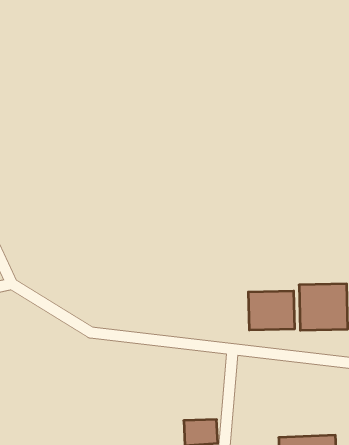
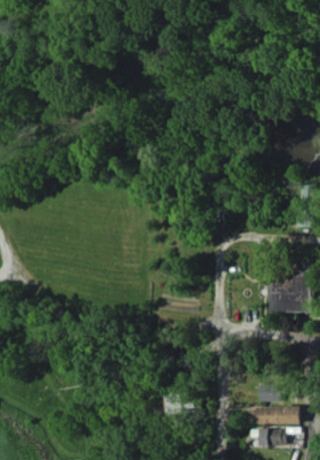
building: [248,291,294,330] -> none
building: none -> [258,385,280,402]

